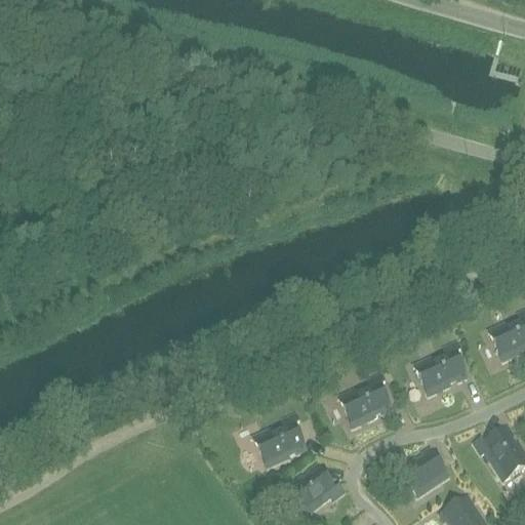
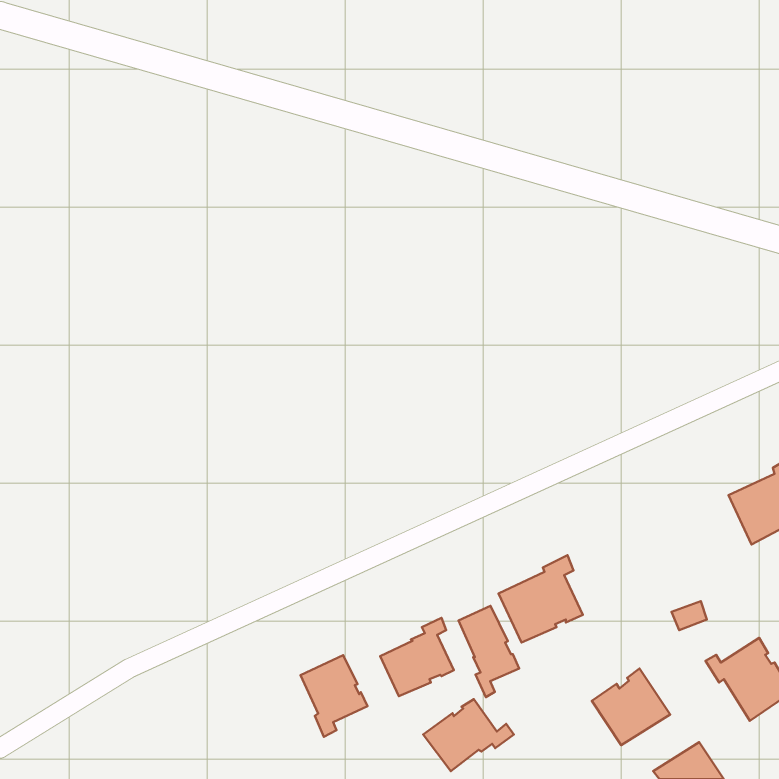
building: [412,339,469,398] -> none
building: none -> [458,606,519,697]
building: none -> [300,655,368,737]

